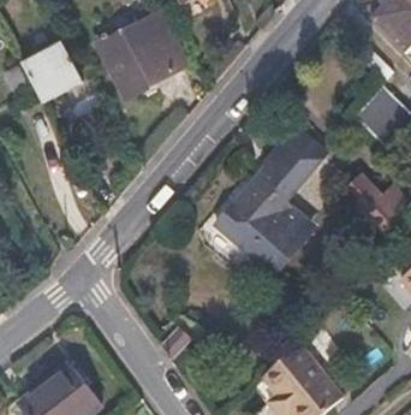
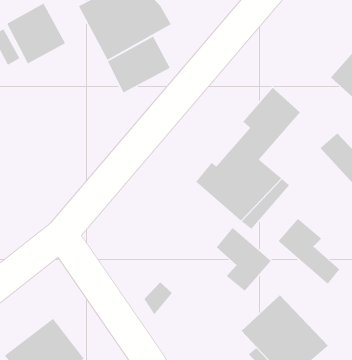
building: none -> [107,35,171,93]
building: none -> [277,218,340,285]
building: none -> [216,227,272,292]

